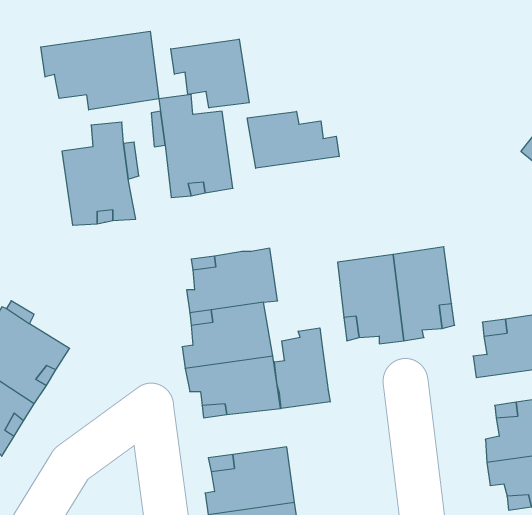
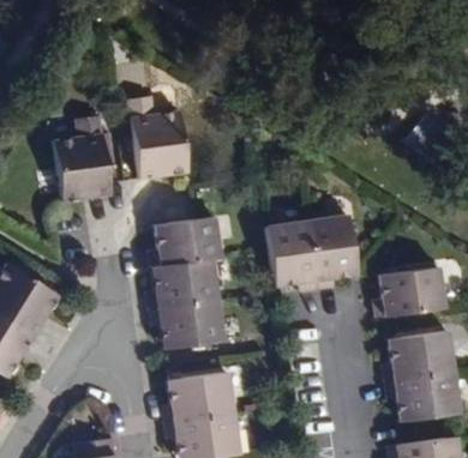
building: [41,31,159,110] -> none
building: [171,39,249,108] -> none
building: [247,111,339,168] -> none
building: [275,328,330,408] -> none

